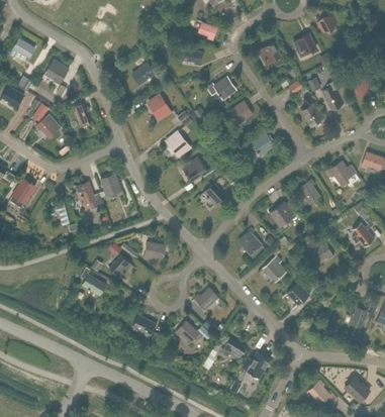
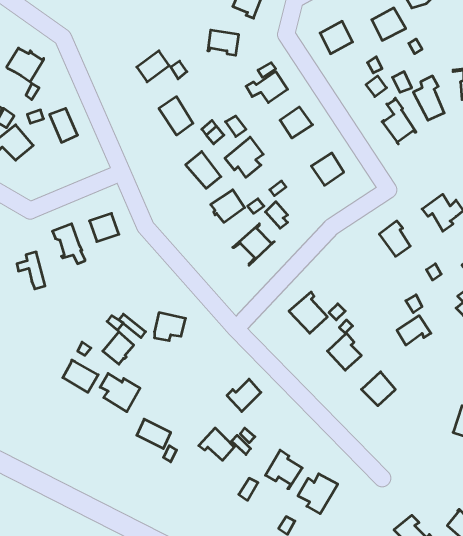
building: none -> [225,137,263,177]
building: [269,201,302,227] -> none
building: none -> [100,373,140,412]

